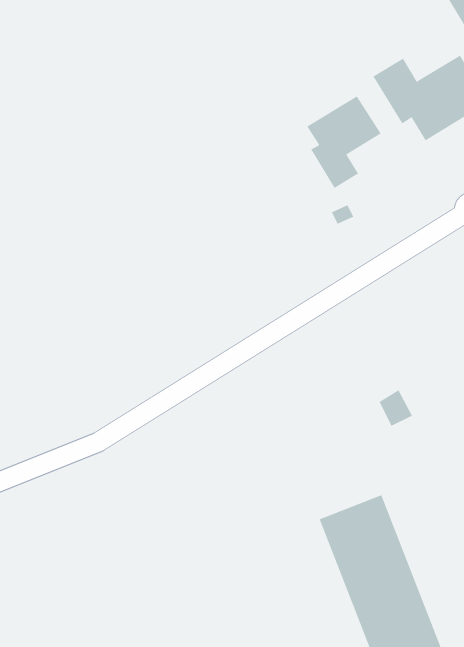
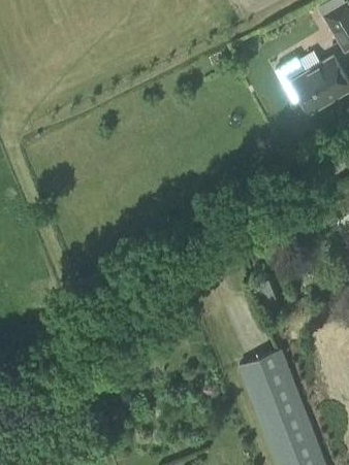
building: [307,95,381,189] -> none

